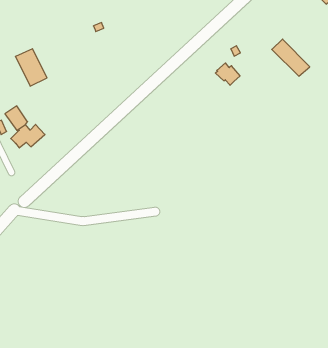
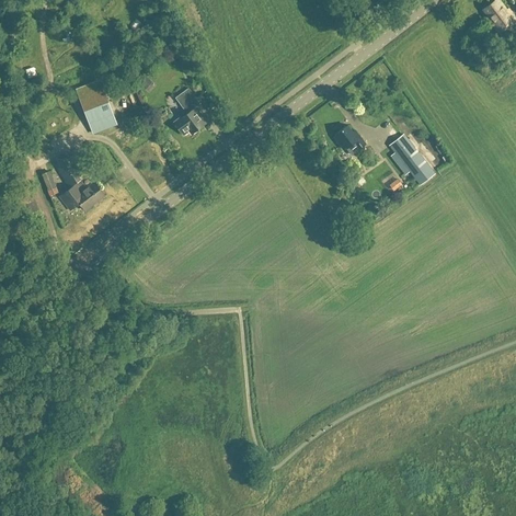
building: [272,39,310,76] -> [389,135,436,185]
building: none -> [175,88,205,136]

